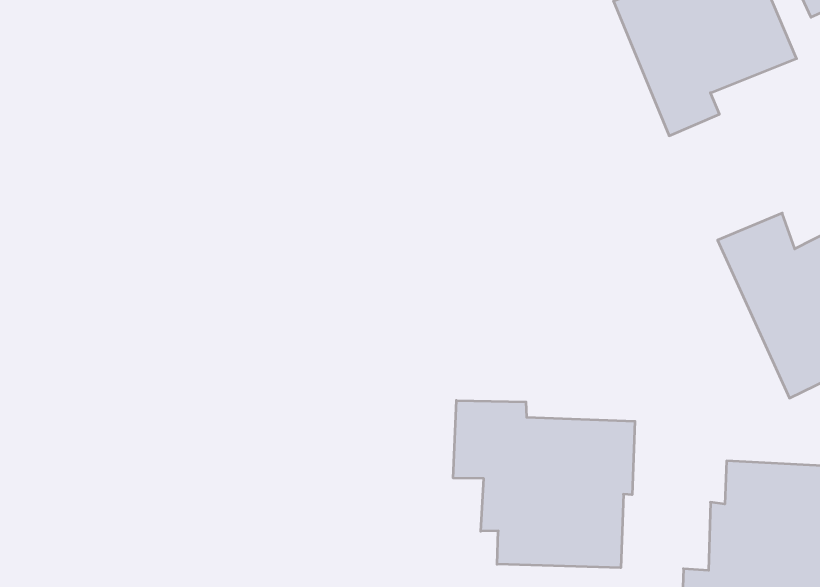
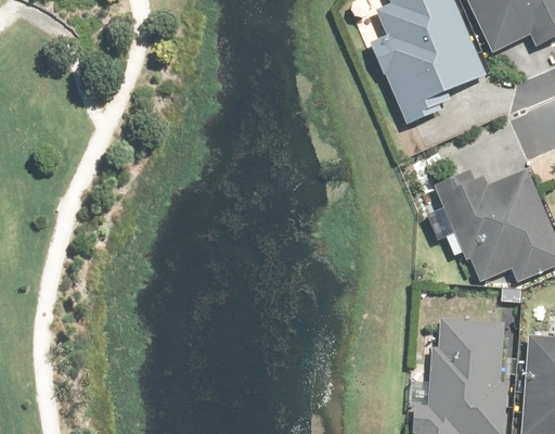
building: [453,400,635,568] -> none

